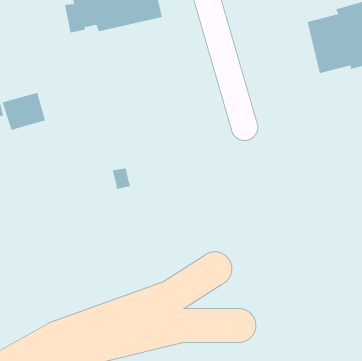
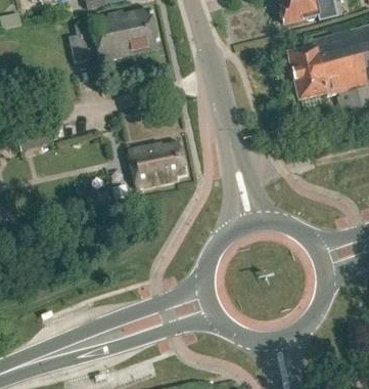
building: none -> [128,142,186,188]

